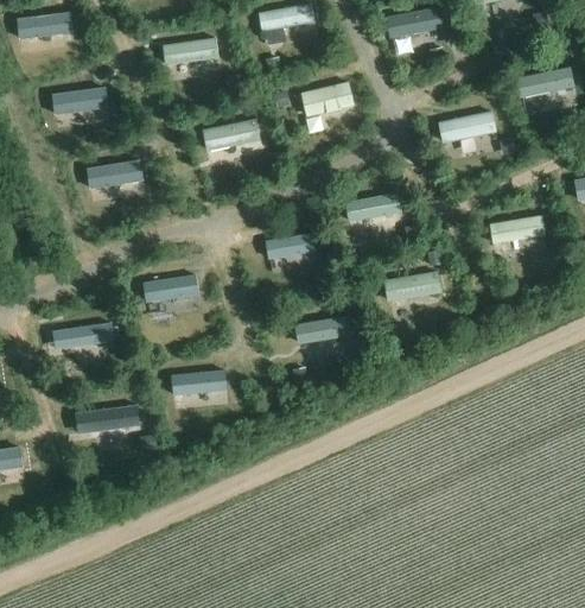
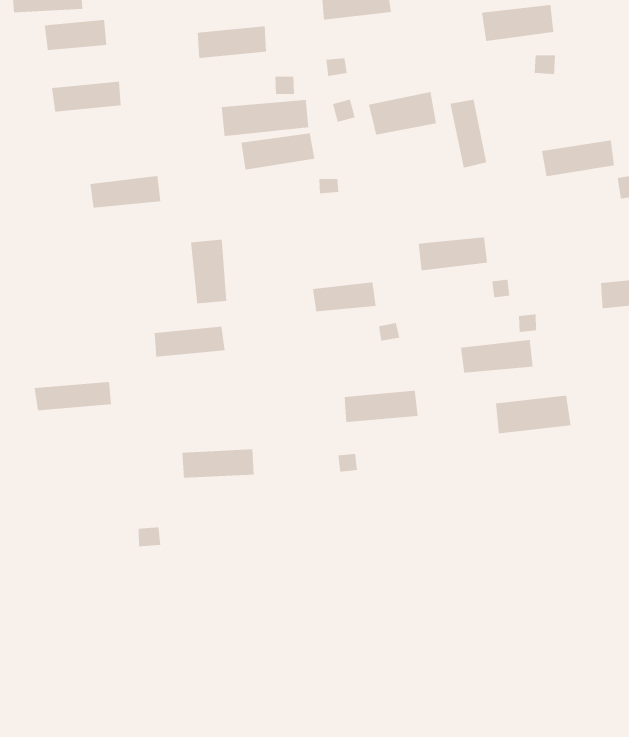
building: none -> [44,19,107,51]
building: none -> [450,99,487,169]
building: none -> [221,99,309,137]
building: none -> [190,239,227,304]
building: none -> [495,395,571,434]
building: [74,404,140,435] -> none

